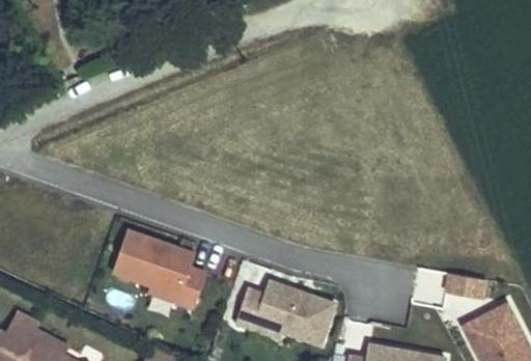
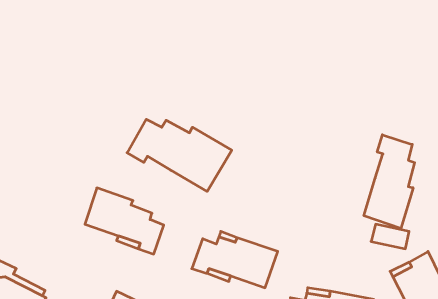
building: none -> [127,119,232,191]
building: none -> [364,135,415,228]

